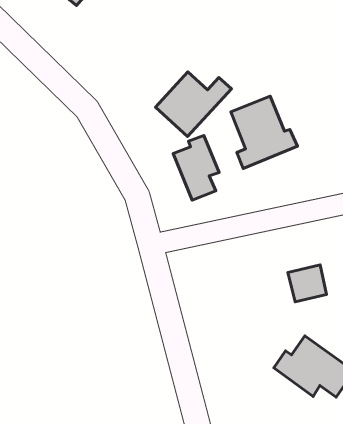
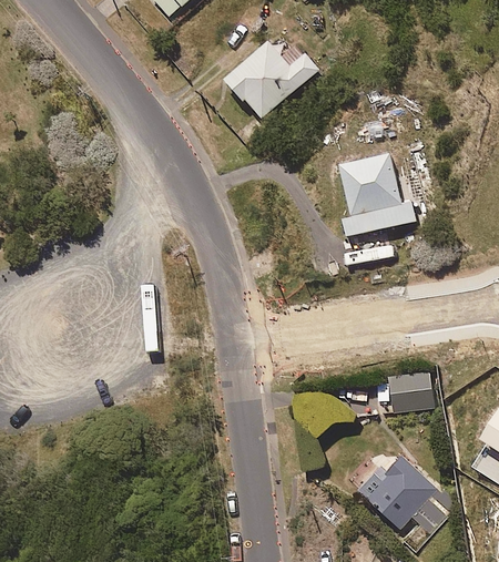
building: [155,72,231,136] -> [224,42,318,120]
building: [173,135,219,200] -> none

